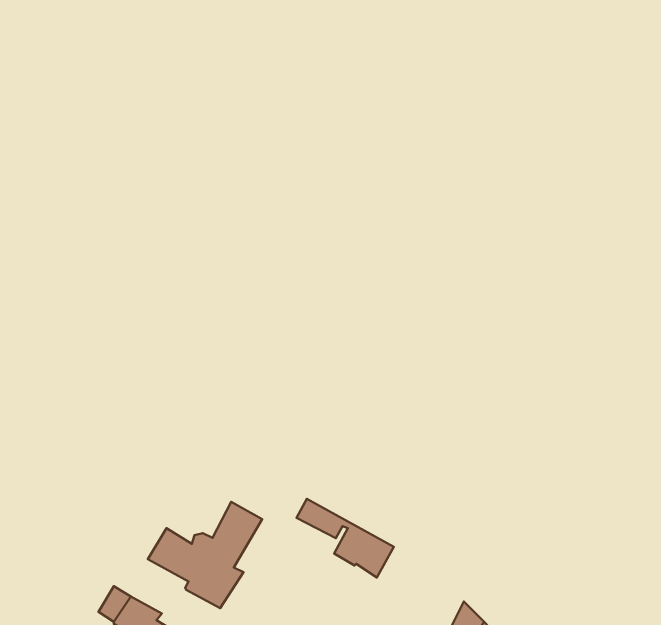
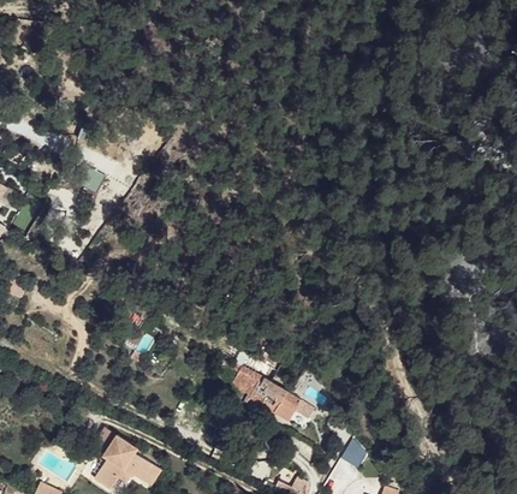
building: [148,502,262,608] -> none

